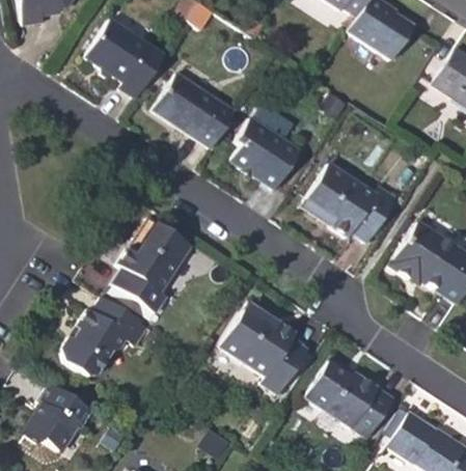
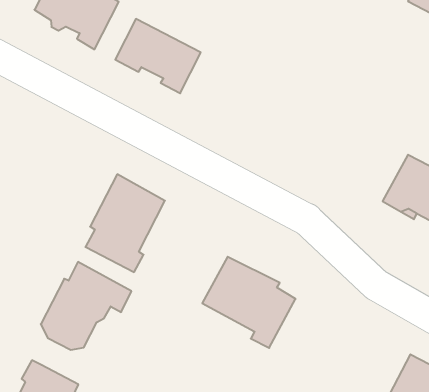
building: [235,115,303,187] -> none
building: [303,164,399,244] -> none
building: [302,359,391,435] -> none

